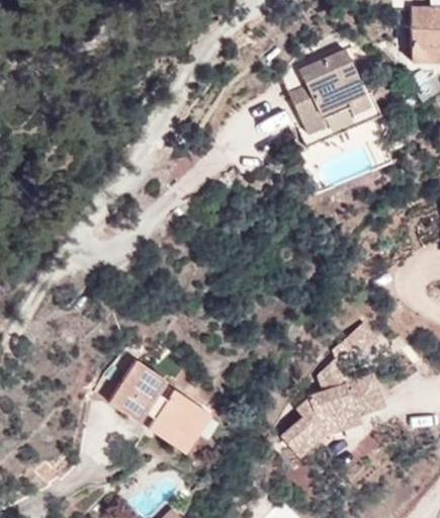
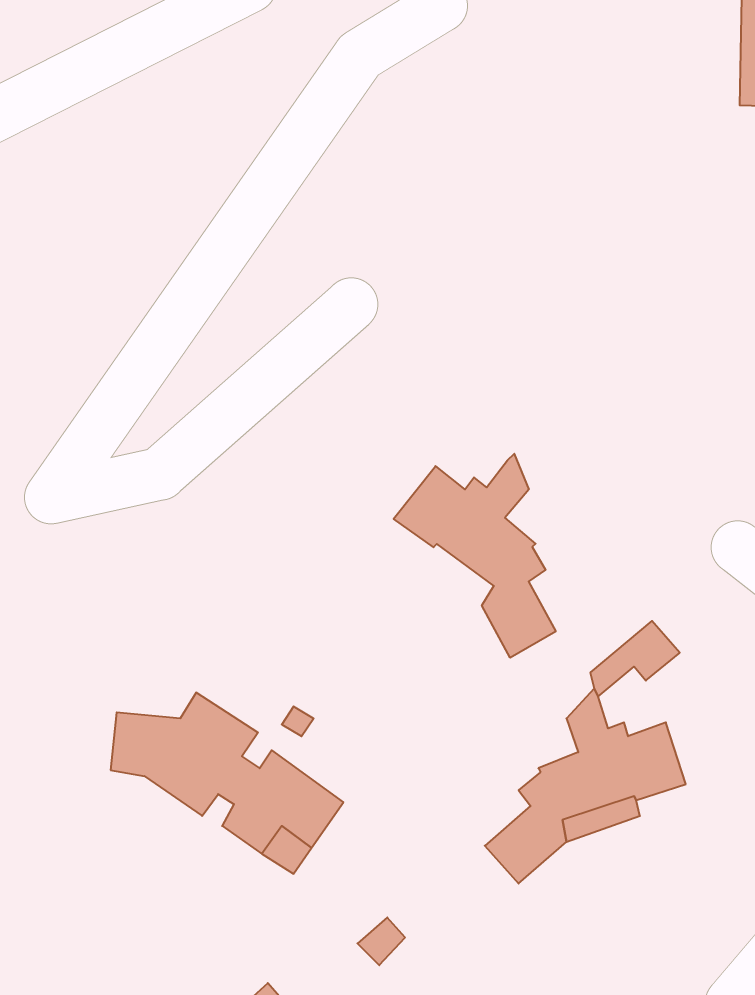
building: [282,49,374,143] -> none
building: none -> [394,454,556,658]

